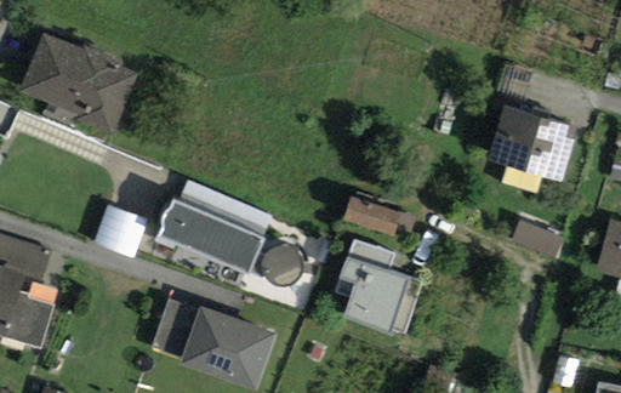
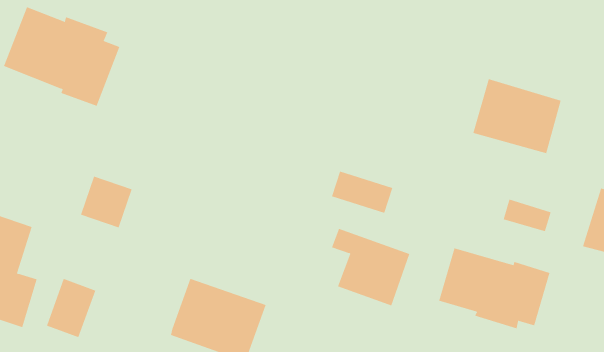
building: [161,178,303,280] -> none
building: none -> [439,248,550,329]
building: [152,296,201,355] -> [46,278,96,338]

